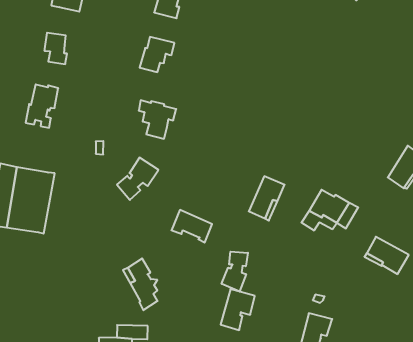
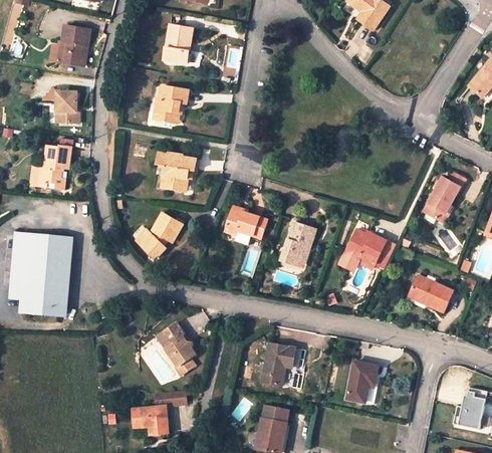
building: [171,210,212,243] -> [225,207,267,239]
building: none -> [27,298,61,315]
building: [222,252,248,292] -> none

